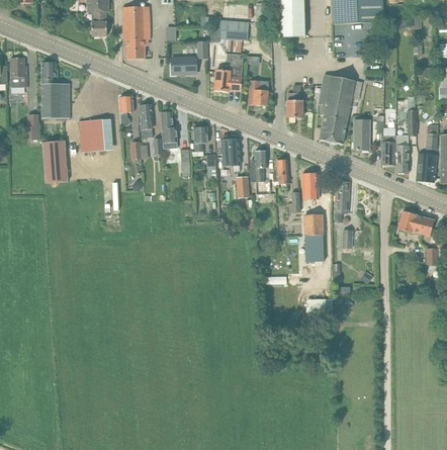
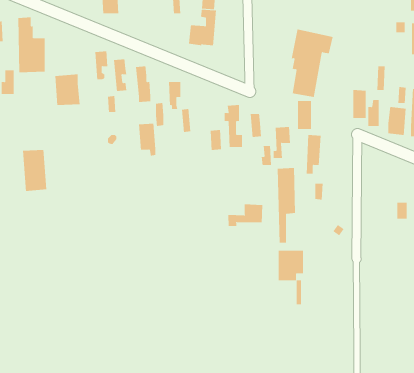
building: [171,57,196,73] -> none
building: [249,79,268,105] -> none
building: [287,84,302,116] -> none
building: [354,119,369,149] -> [297,100,312,129]
building: [221,138,240,171] -> [138,123,156,156]
building: [42,140,68,182] -> [22,150,47,191]
building: [397,209,434,235] -> none
building: none -> [228,204,263,227]

